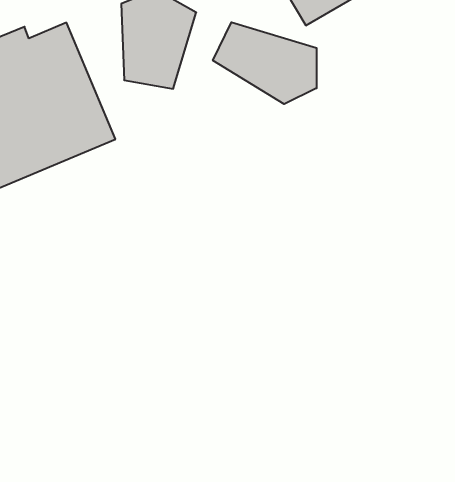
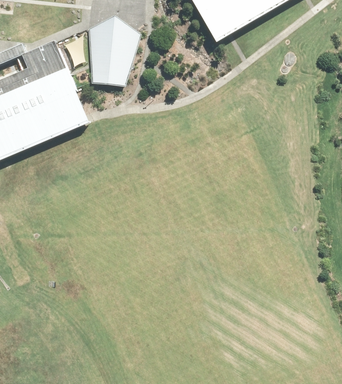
building: [213,22,317,104] -> none

